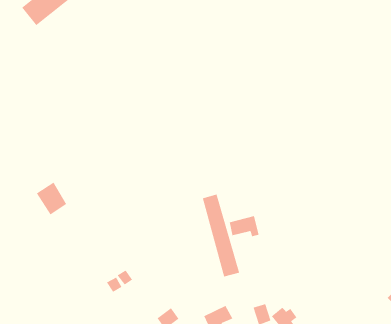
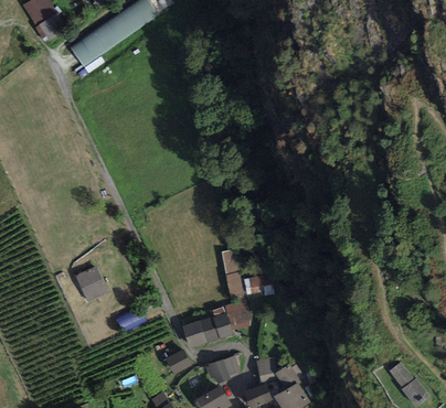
building: [36,182,67,215] -> [75,269,104,301]
building: none -> [181,314,227,345]

